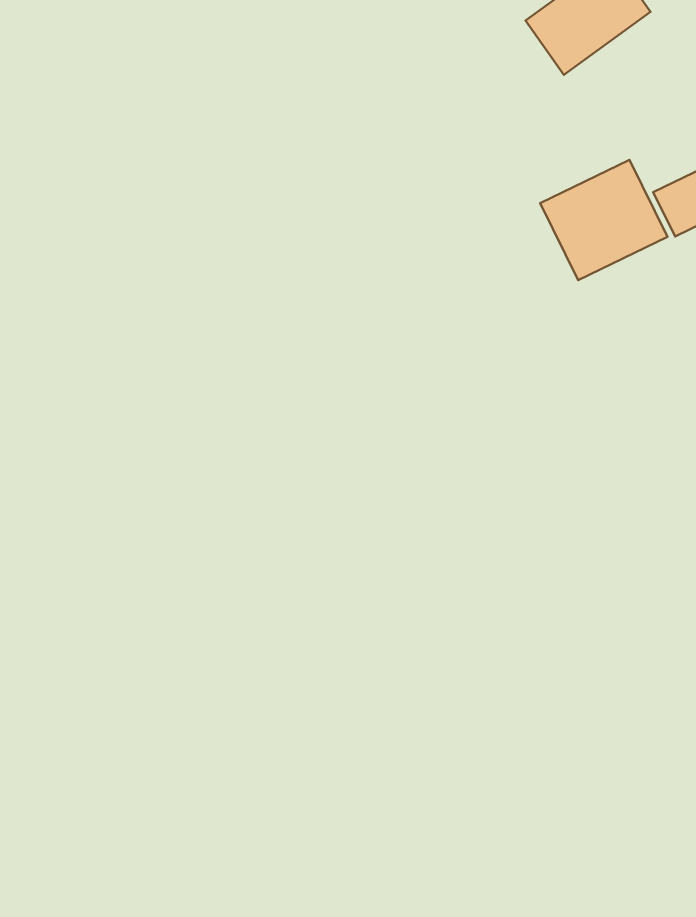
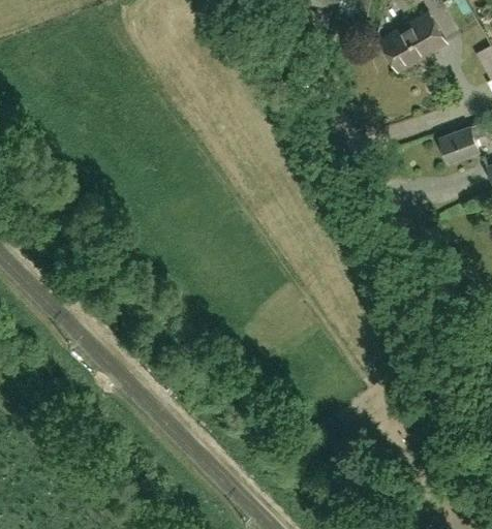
building: [540,160,667,280] -> none

